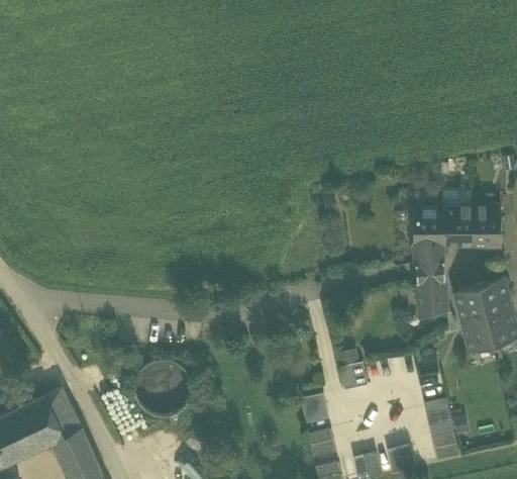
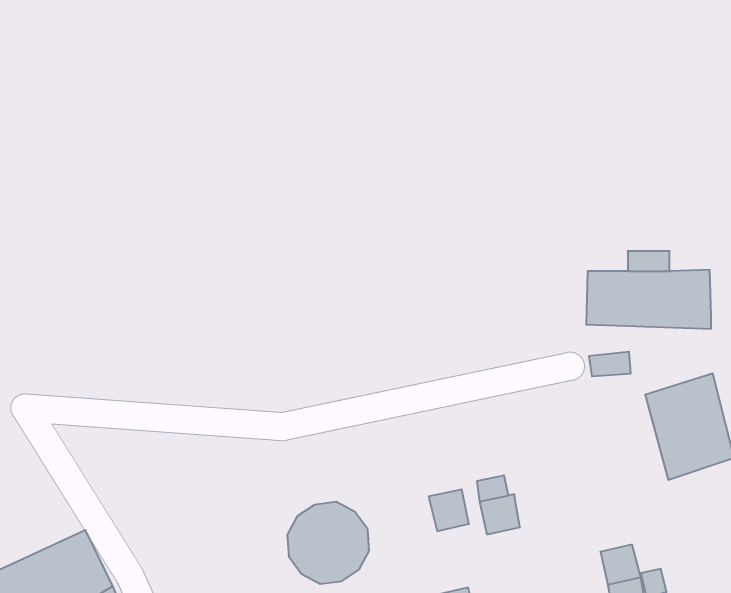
building: [413,245,443,267] -> none
building: [417,279,446,318] -> none
building: [133,361,191,418] -> [287,502,369,584]
building: [300,395,328,424] -> [429,489,469,531]

